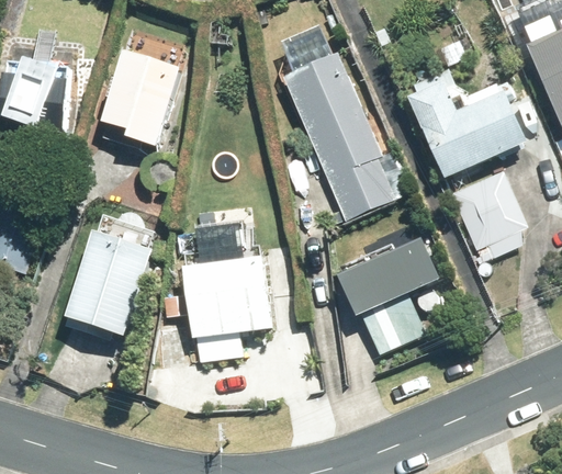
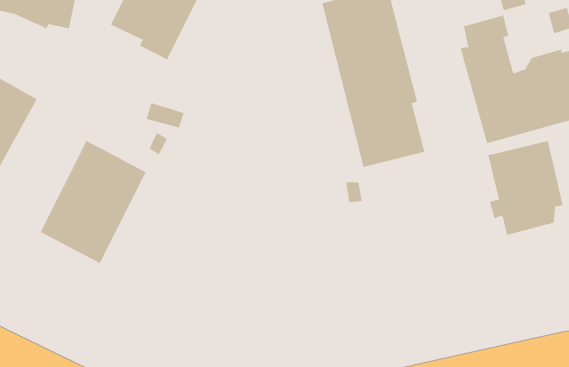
building: [339,246,443,350] -> none
building: [182,247,271,357] -> none

